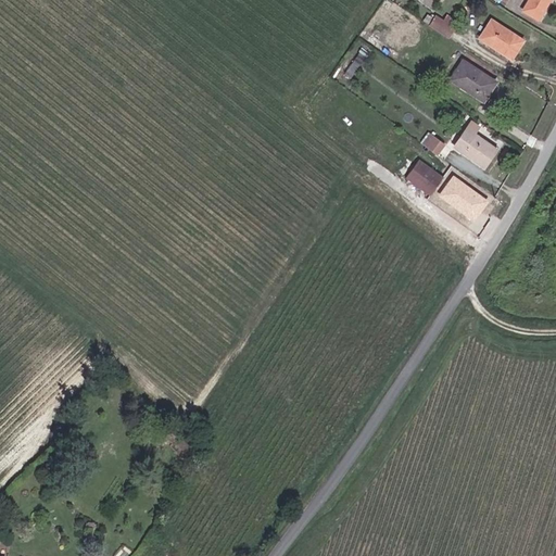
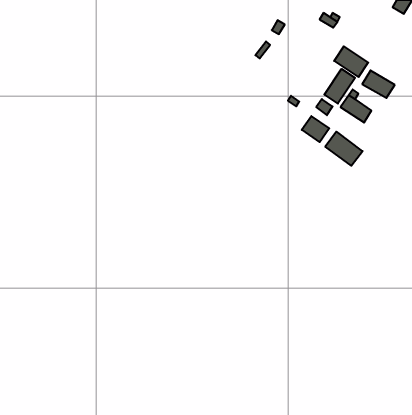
building: [481,21,525,58] -> [362,70,395,98]
building: none -> [324,69,355,104]

